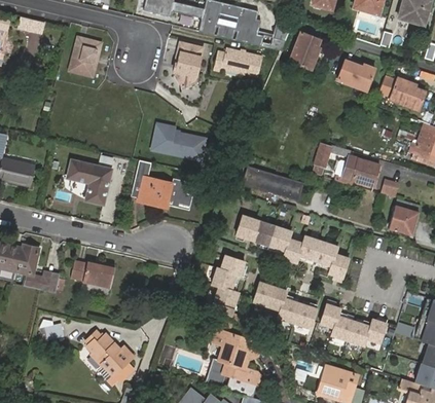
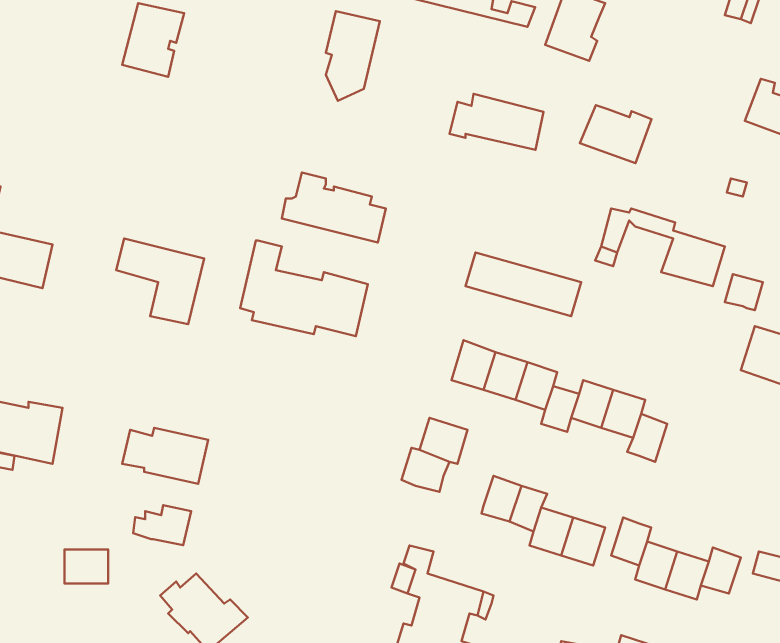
building: [213,47,261,76] -> [450,94,543,150]
building: [335,61,372,90] -> [580,105,652,163]
building: [30,272,60,293] -> [133,505,191,545]
building: [214,288,240,310] -> none

